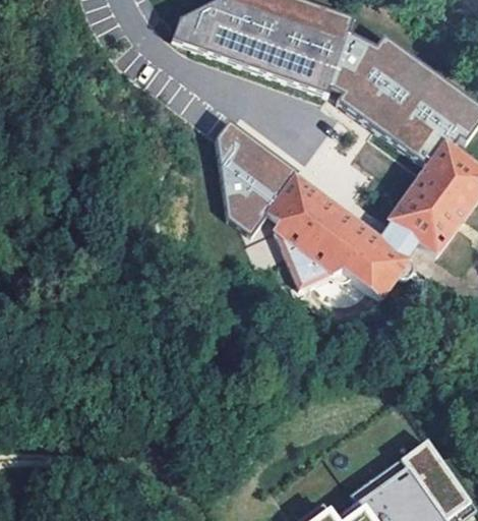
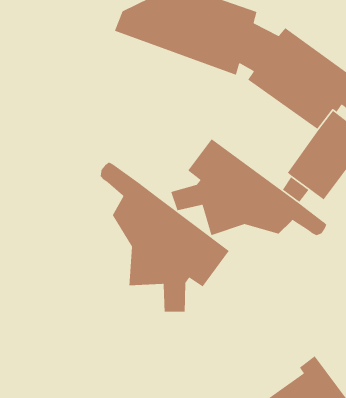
building: [220,120,299,230] -> none
building: none -> [100,161,230,313]

